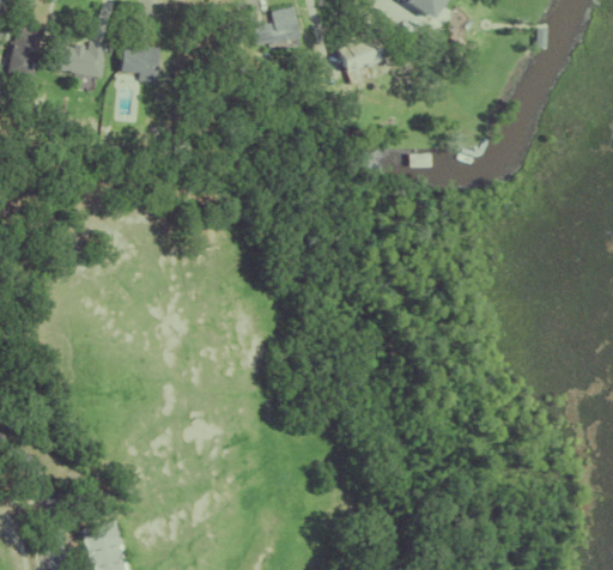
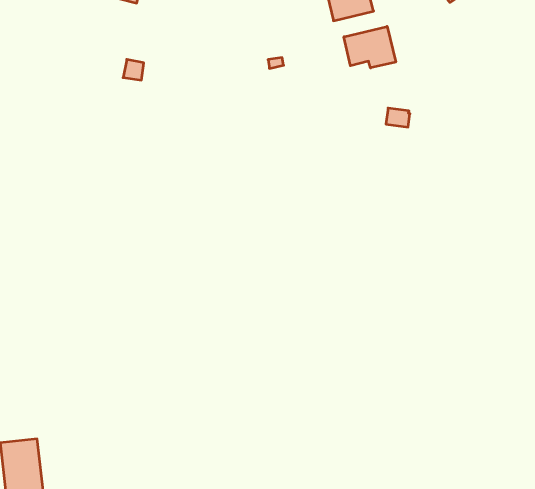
building: none -> [344,26,396,68]

